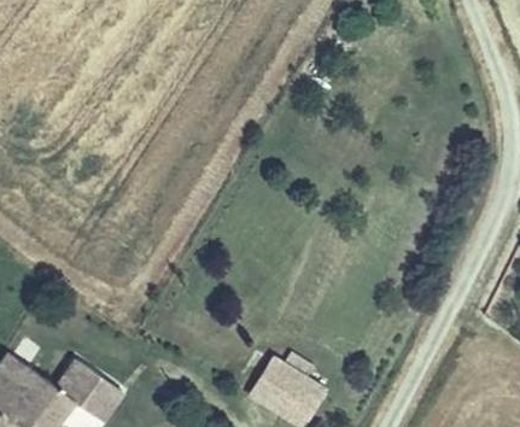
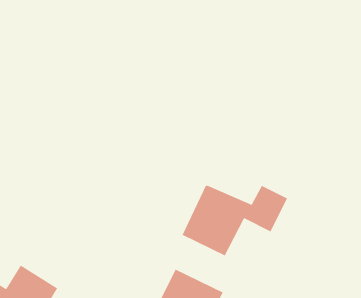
building: none -> [182,185,288,256]

